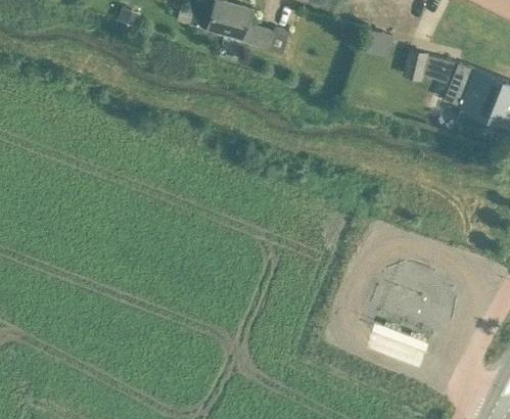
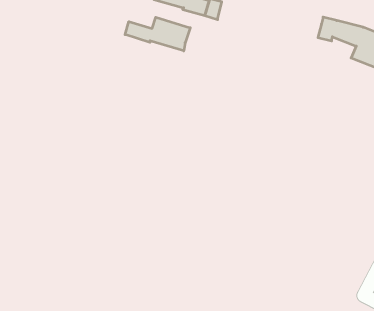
building: none -> [125,17,190,51]

